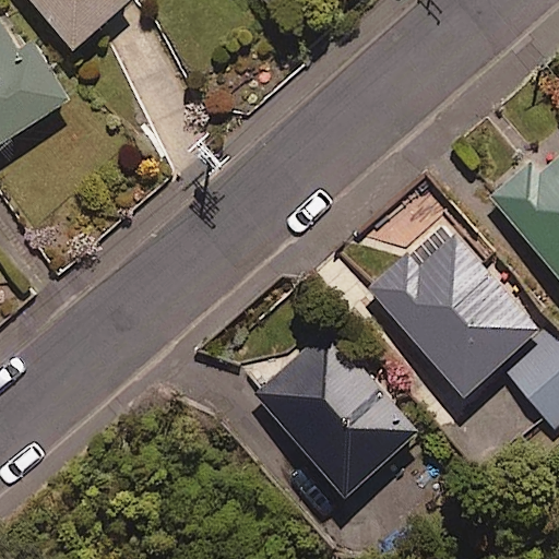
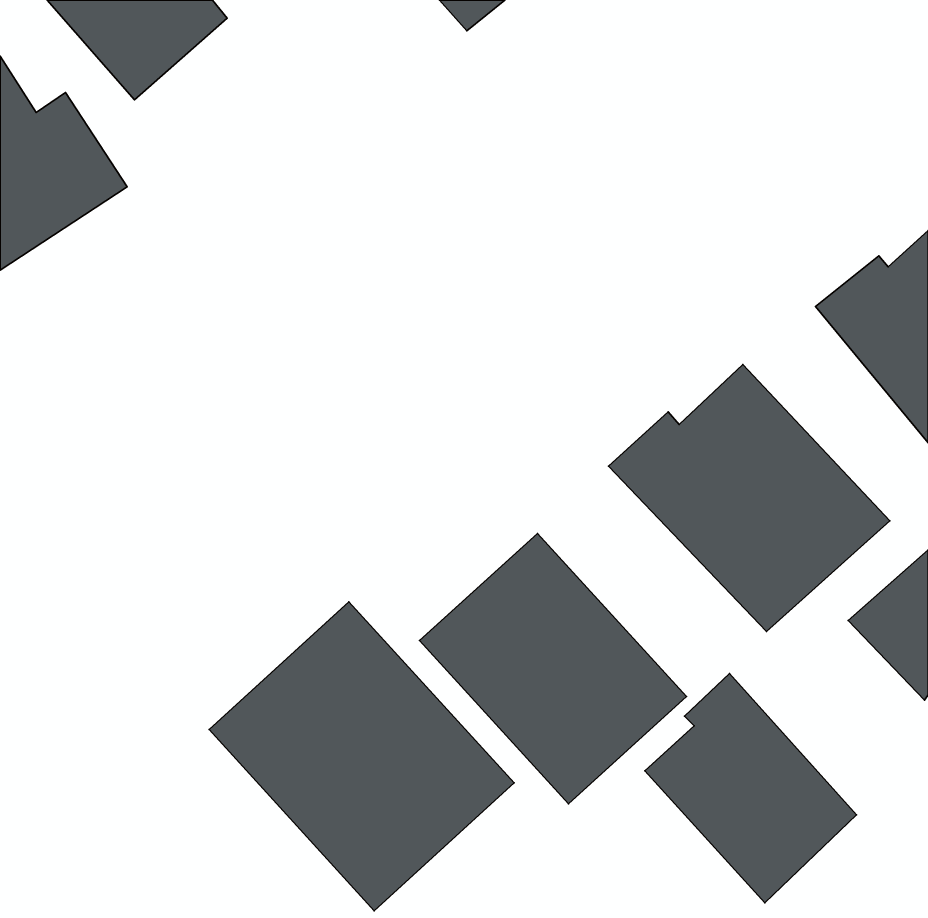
building: none -> [209,602,514,911]
building: none -> [645,674,856,903]

